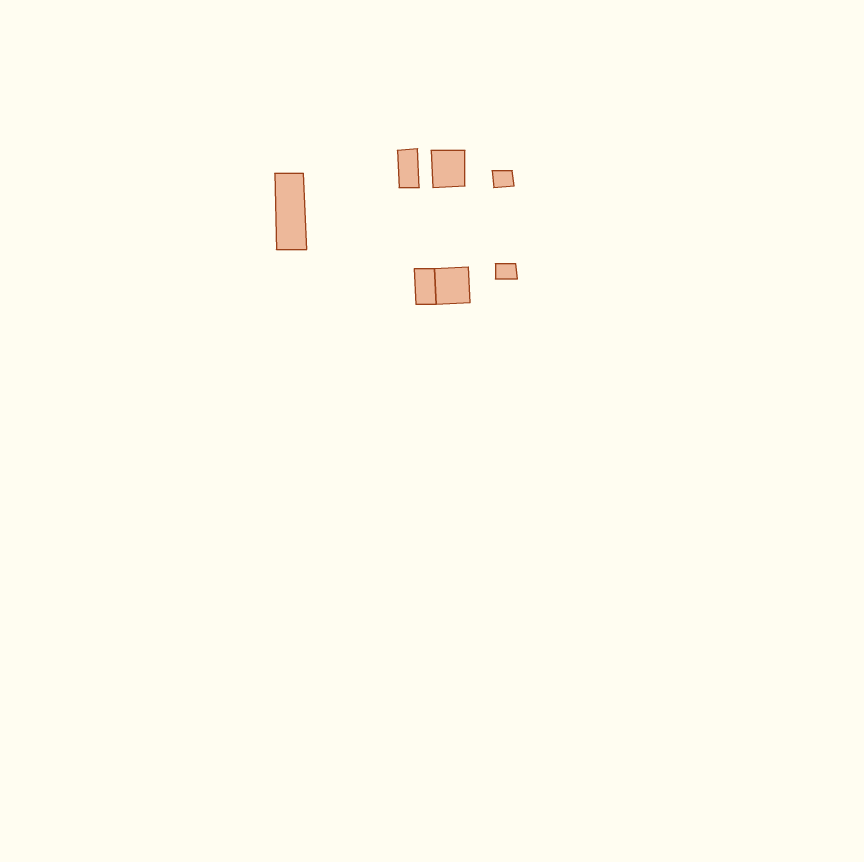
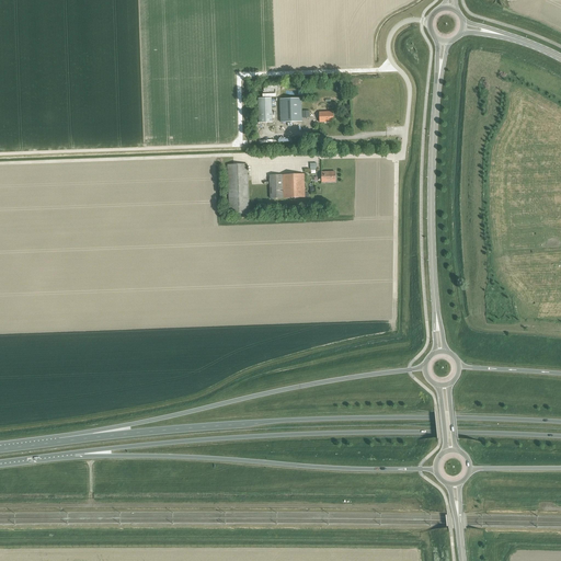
building: [275,173,307,249] -> [228,163,249,213]

